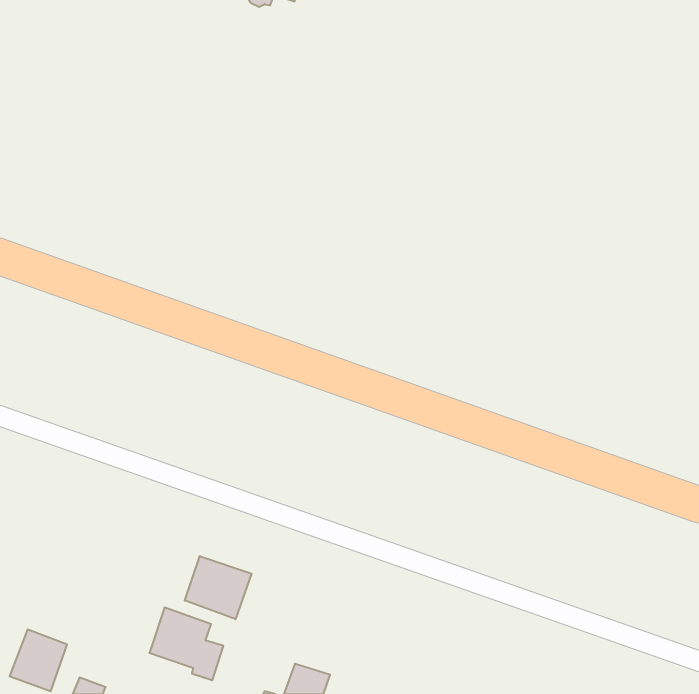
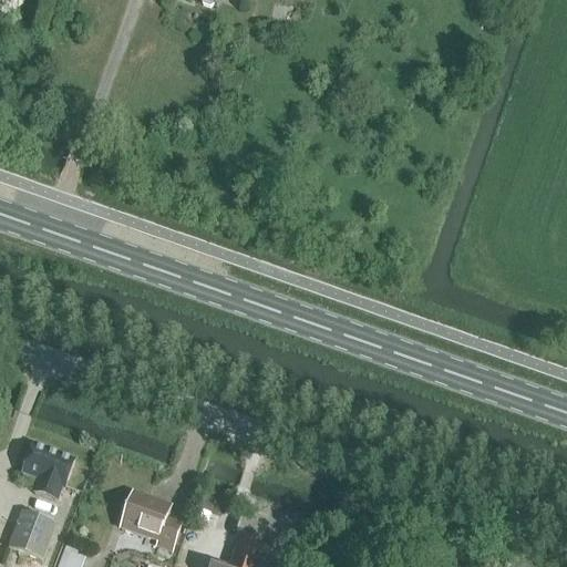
building: none -> [22,442,74,498]
building: [185,556,252,619] -> none

